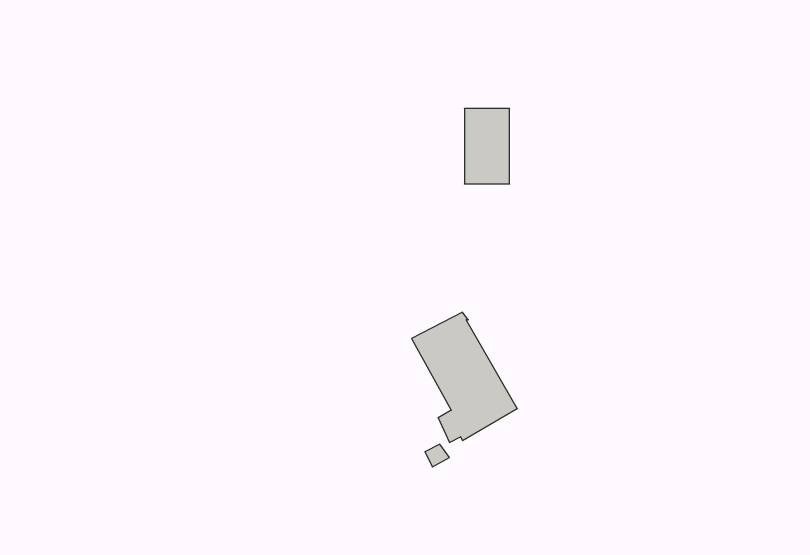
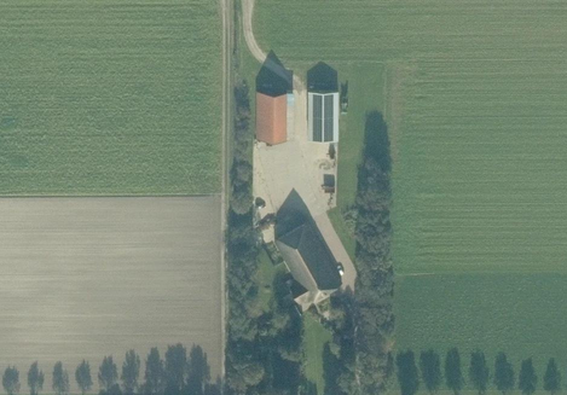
building: none -> [255,93,288,140]

